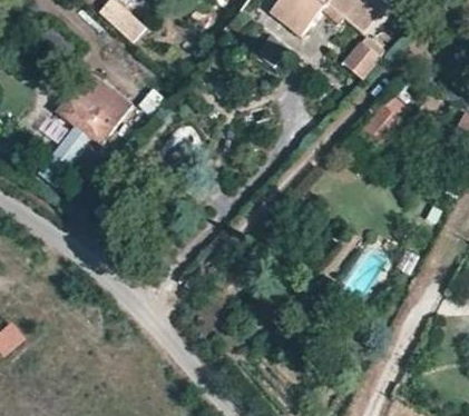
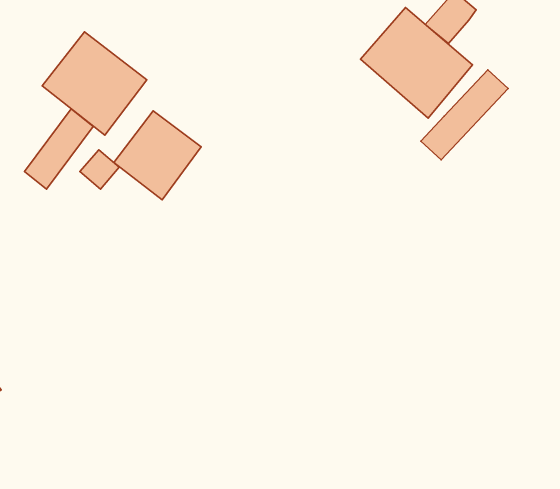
building: none -> [361,8,472,118]
building: none -> [114,111,201,200]

